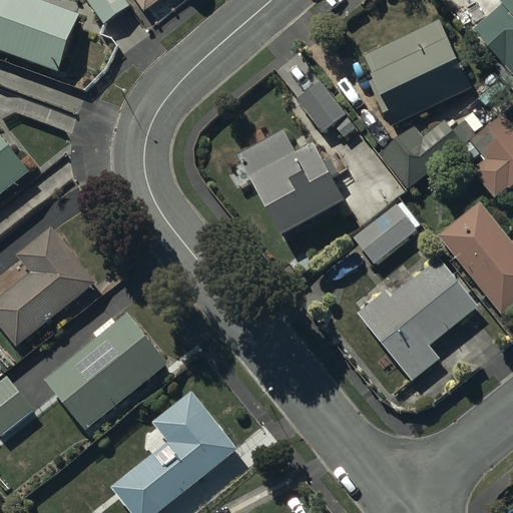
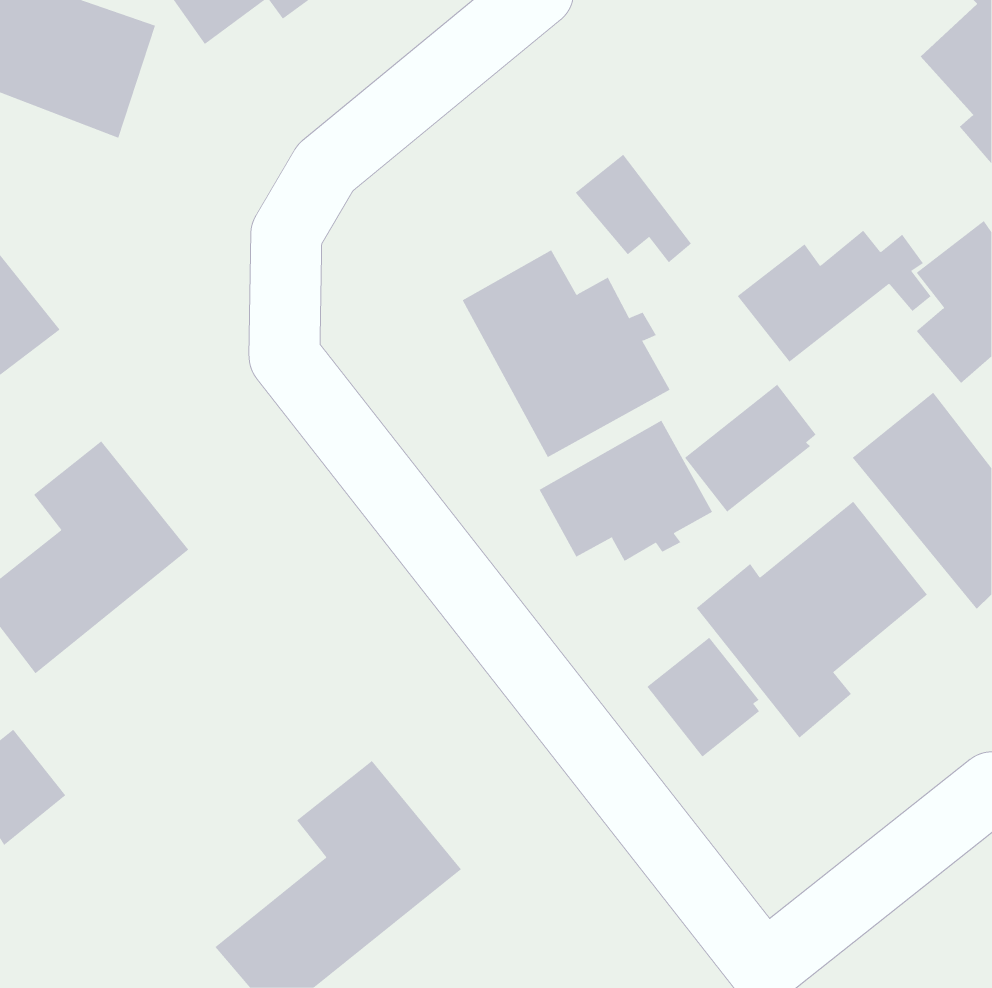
building: [361,17,472,126] -> none
building: none -> [539,420,713,562]
building: [44,313,167,430] -> none
building: none -> [646,637,760,758]

